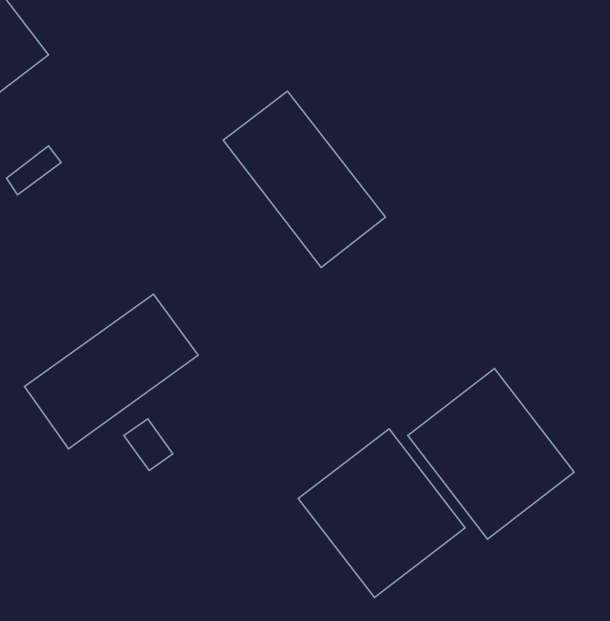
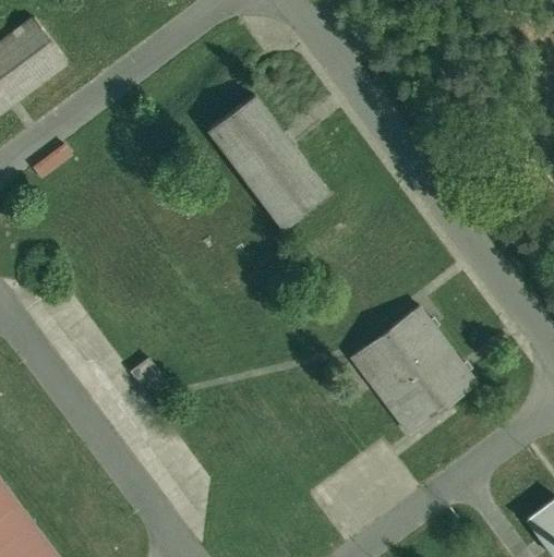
building: [24,294,198,449] -> none
building: [298,429,465,597] -> none

